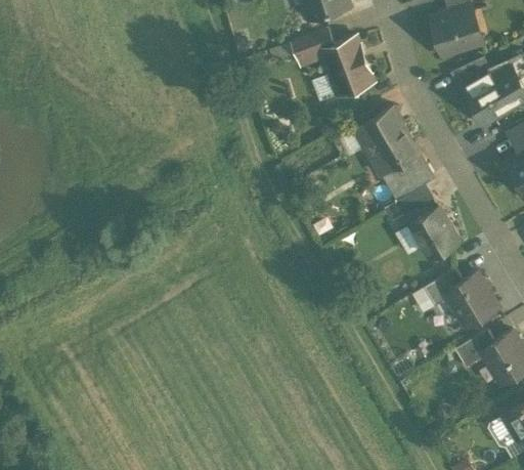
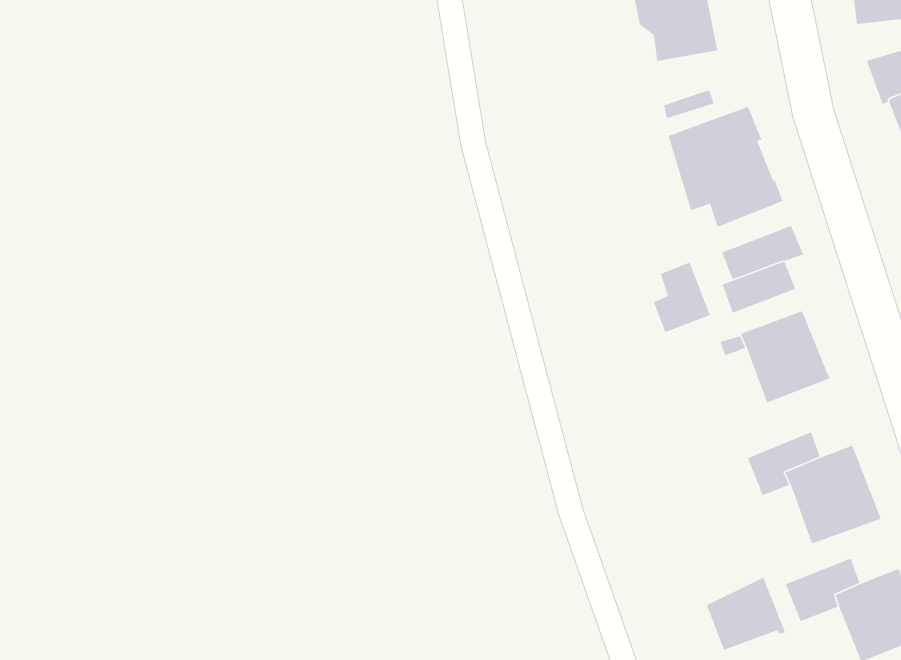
building: none -> [653,261,711,333]
building: none -> [706,576,786,651]

